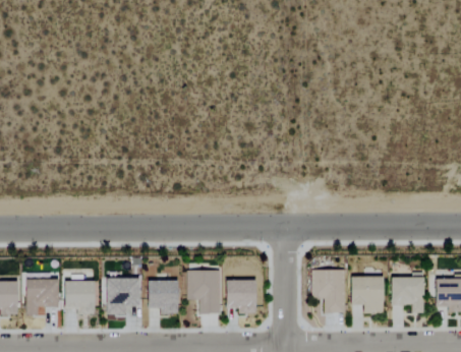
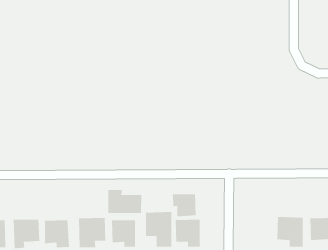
building: none -> [108,189,142,214]
building: none -> [173,193,196,217]
building: [313,270,347,313] -> none

